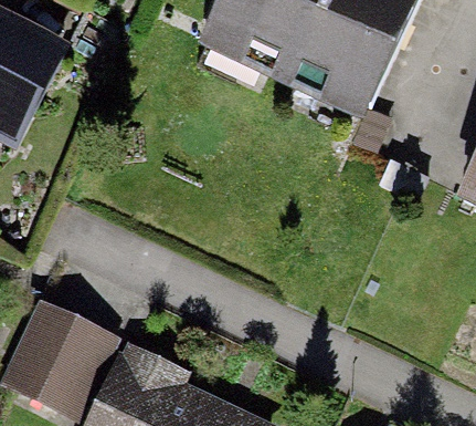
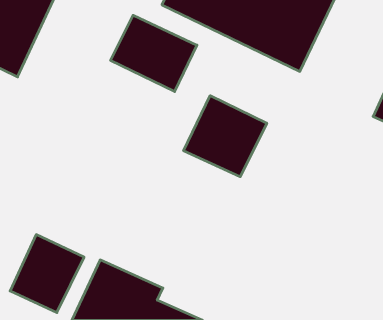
building: none -> [111,15,197,92]
building: none -> [184,96,267,177]

